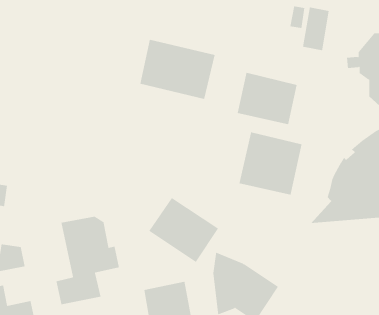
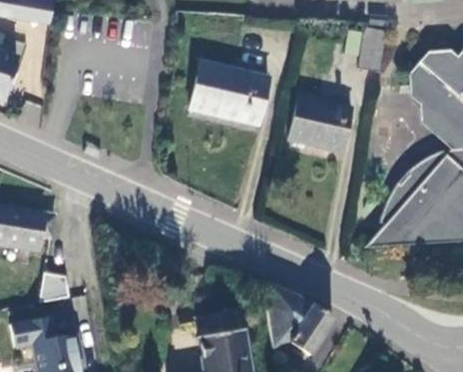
building: [239,132,302,195] -> none
building: [148,197,219,263] -> none
building: [56,216,119,305] -> none

